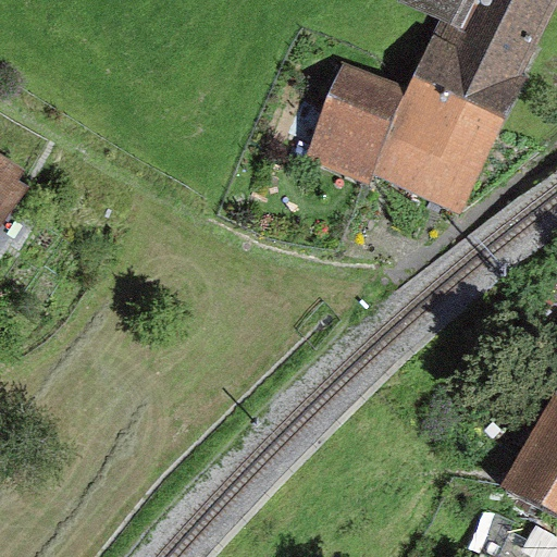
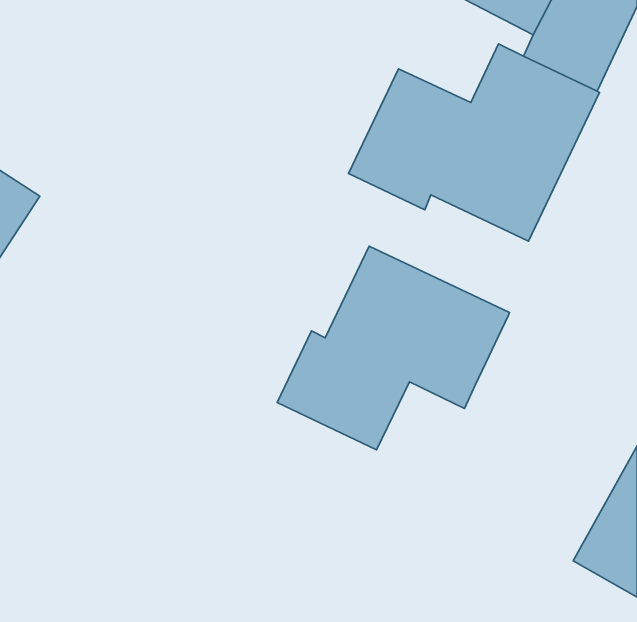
building: none -> [277,246,510,450]

